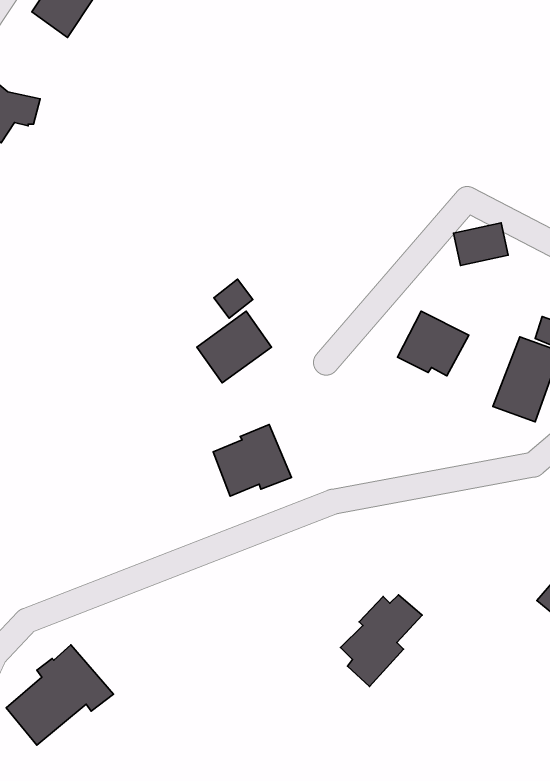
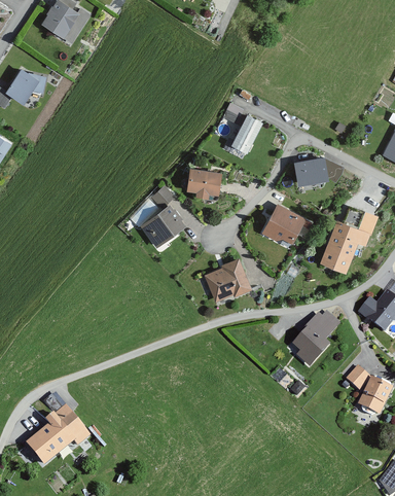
building: none -> [224,103,262,152]
building: none -> [187,169,221,198]
building: [213,425,291,496] -> [205,258,252,302]
building: [341,595,422,687] -> [292,312,342,367]

